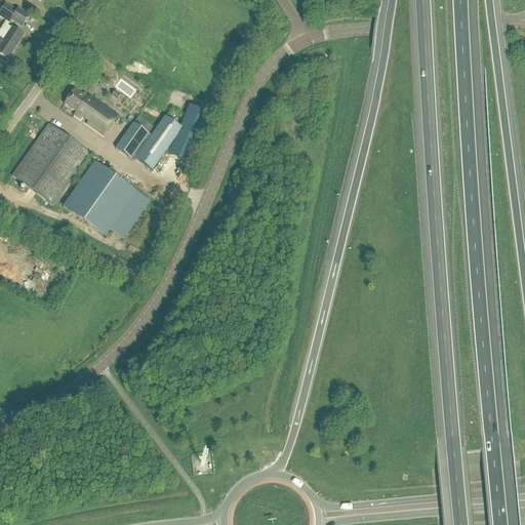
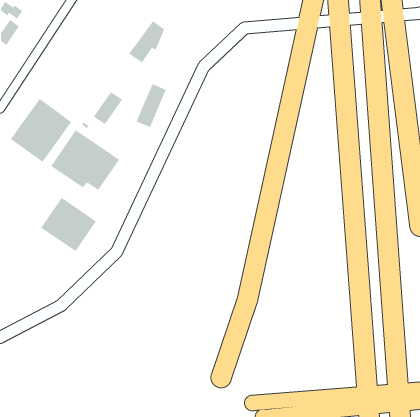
building: [65,86,118,133] -> none
building: [134,114,180,168] -> [128,20,165,64]
building: none -> [40,197,97,252]

